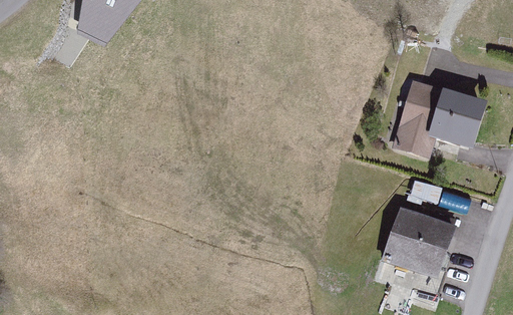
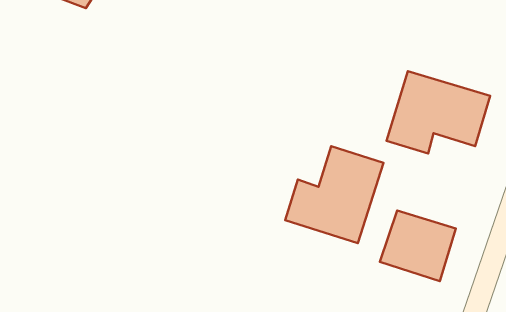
building: none -> [285,146,384,243]

